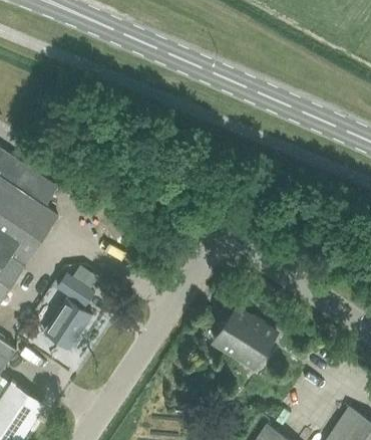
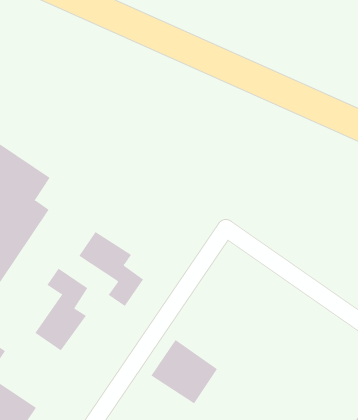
building: none -> [79,231,144,307]
building: [214,307,277,369] -> [151,339,218,404]

